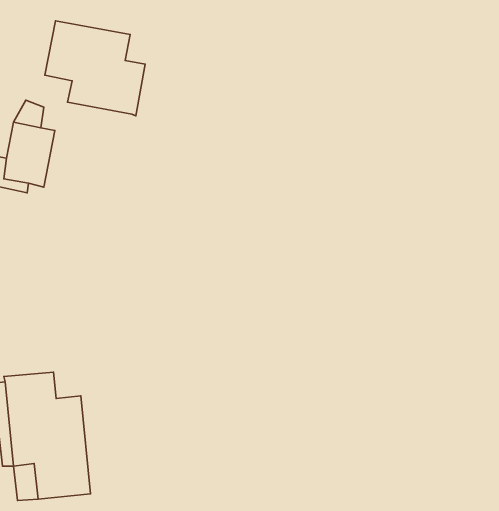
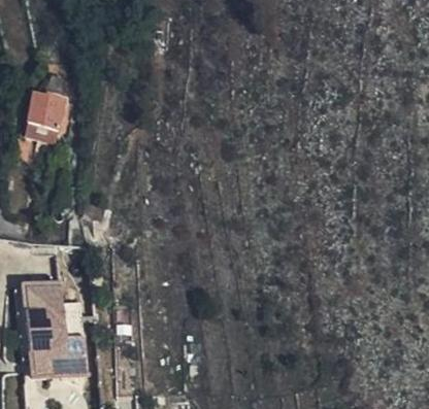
building: [45,21,145,116] -> none

